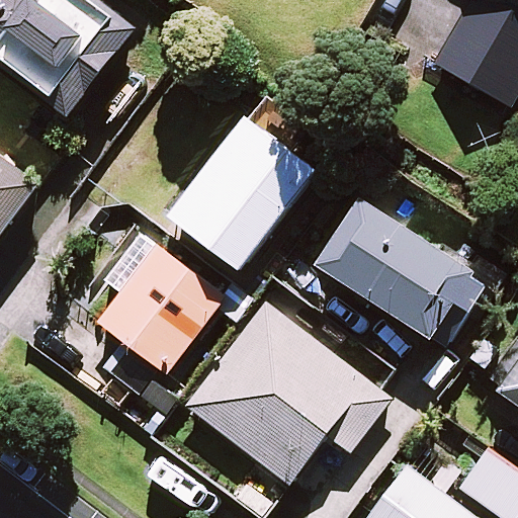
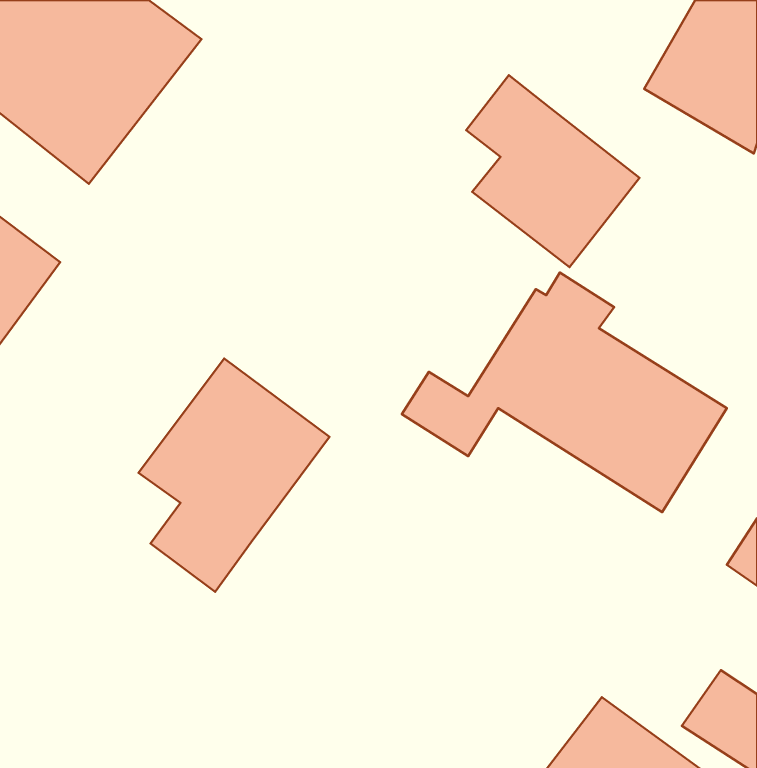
building: none -> [466,75,640,267]
building: [172,115,316,266] -> none
building: [185,304,387,483] -> none

